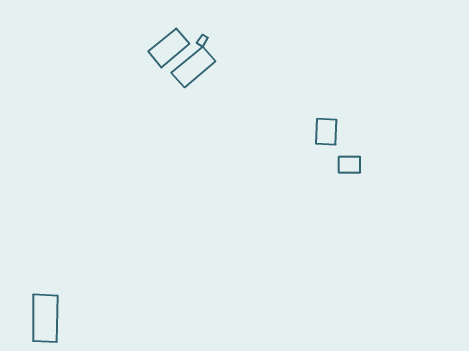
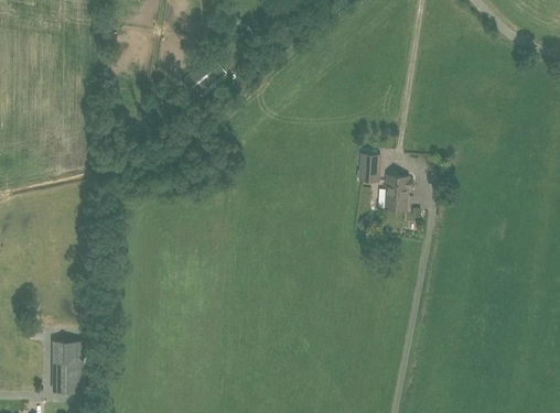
building: [171,47,215,87] -> none
building: none -> [381,176,410,194]

